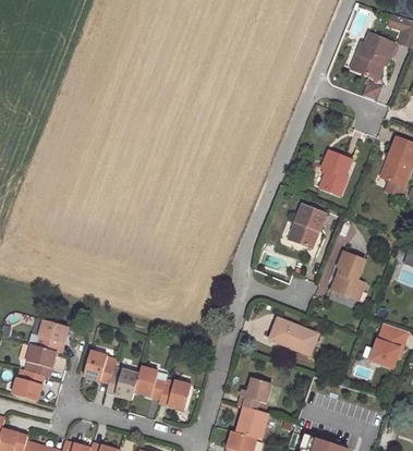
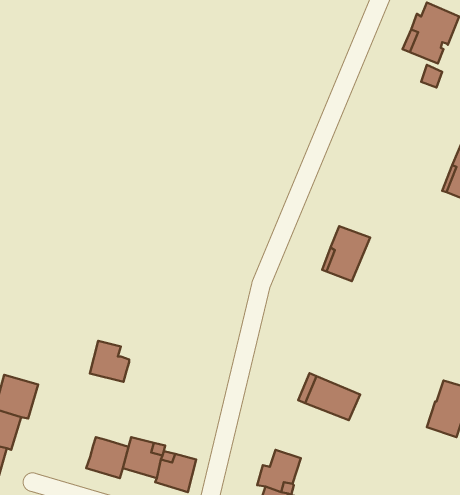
building: [319,151,350,195] -> none
building: [331,252,364,297] -> none
building: [83,351,113,382] -> [90,341,129,382]

